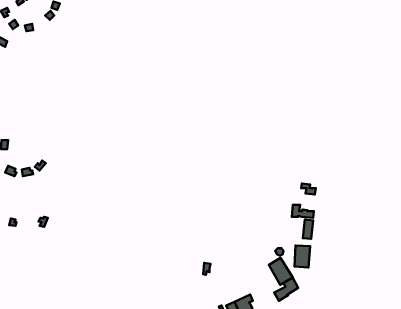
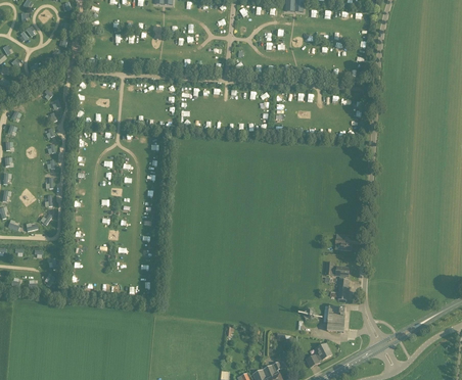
building: [269,258,293,285] -> none

